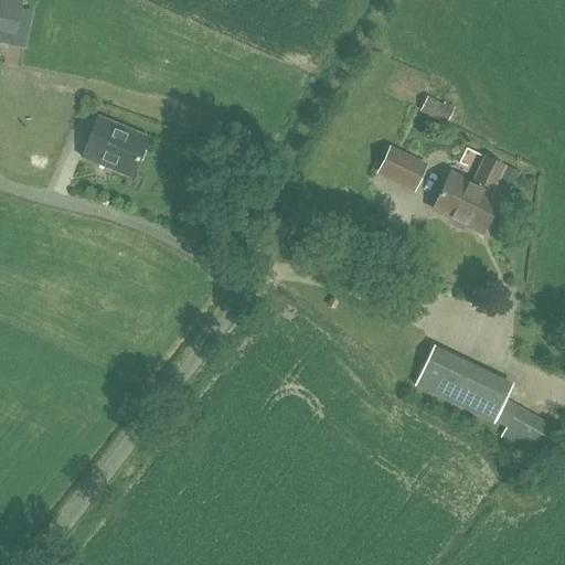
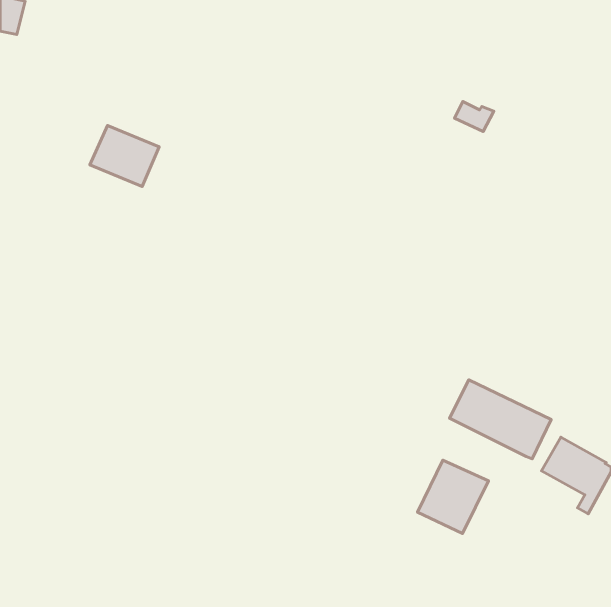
building: [380,146,426,188] -> none
building: [434,156,504,230] -> none
building: none -> [418,460,489,534]

